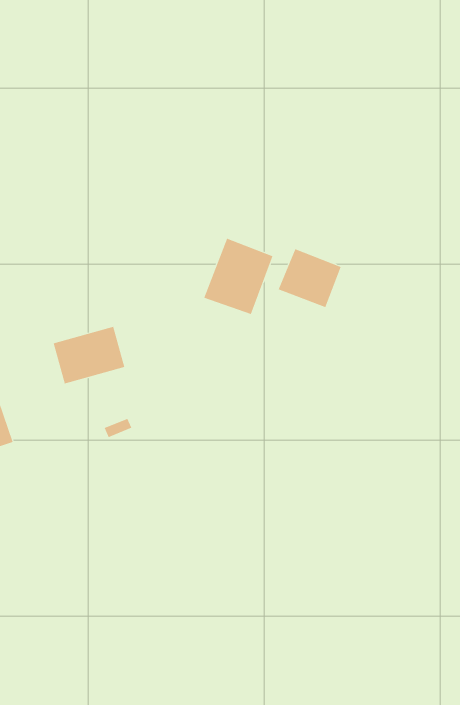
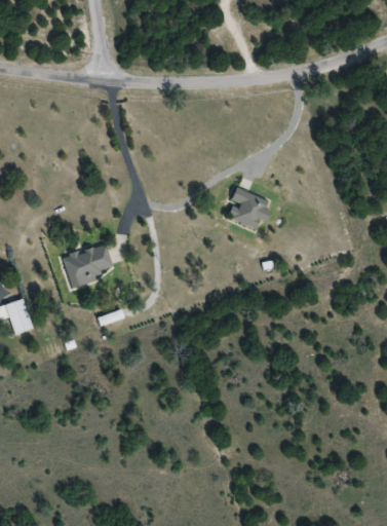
building: [204,238,273,315] -> none

